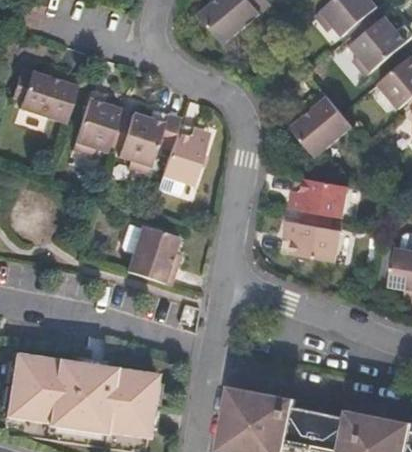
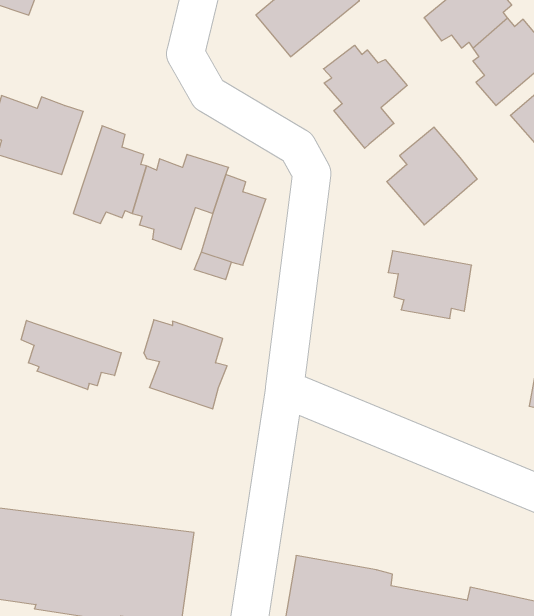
building: none -> [323,45,407,148]
building: [281,217,341,262] -> none
building: none -> [21,320,121,390]

